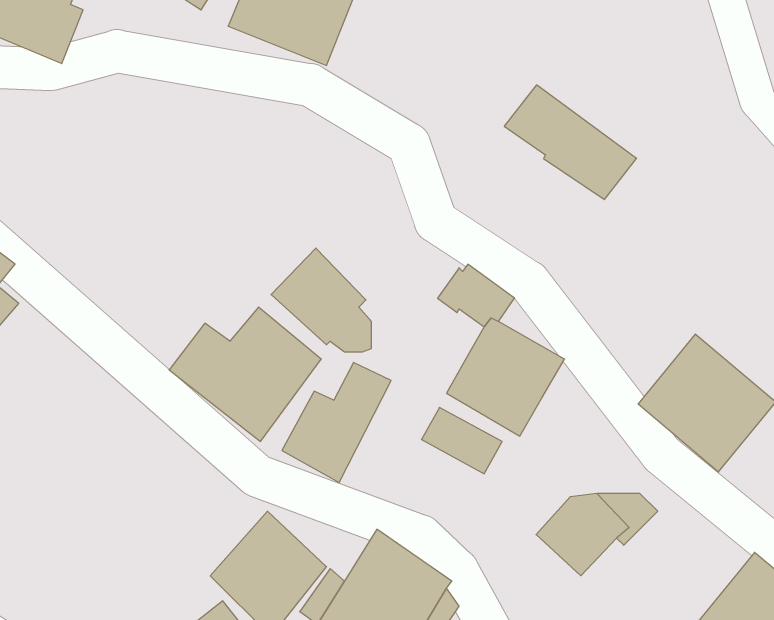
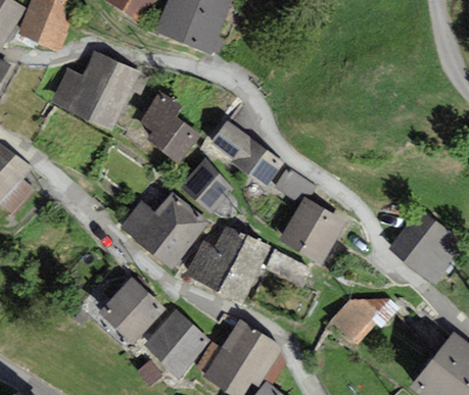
building: none -> [50,49,140,131]
building: [504,85,637,200] -> [208,120,284,186]
building: none -> [139,91,201,164]
building: none -> [218,234,270,305]
building: none -> [98,278,165,344]

